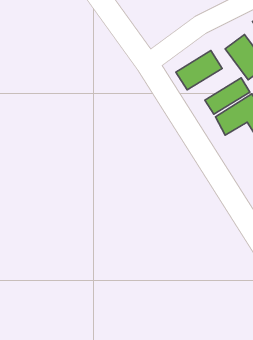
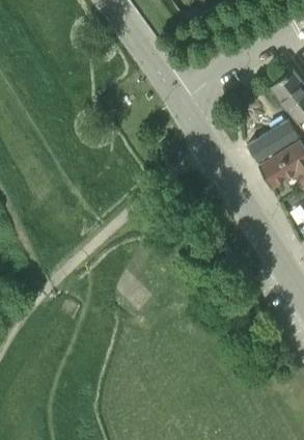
building: [176,51,222,90] -> none

